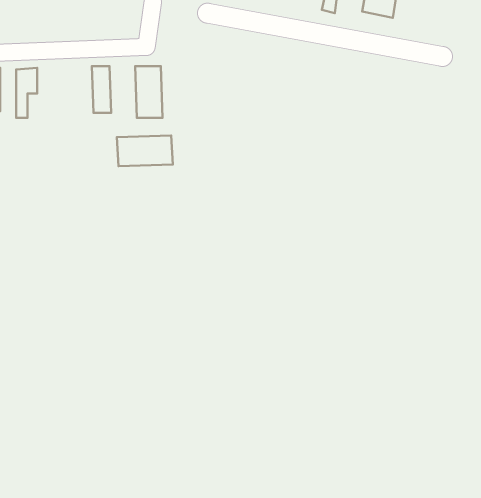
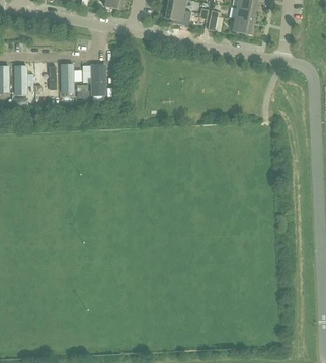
building: [117,135,173,166] -> none

